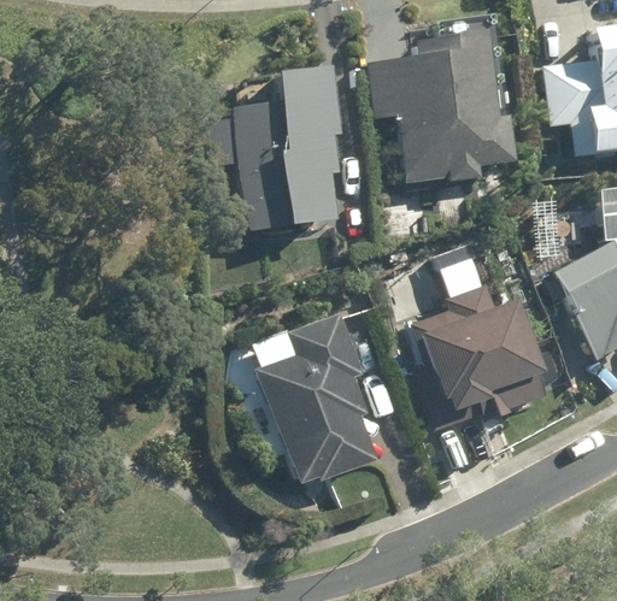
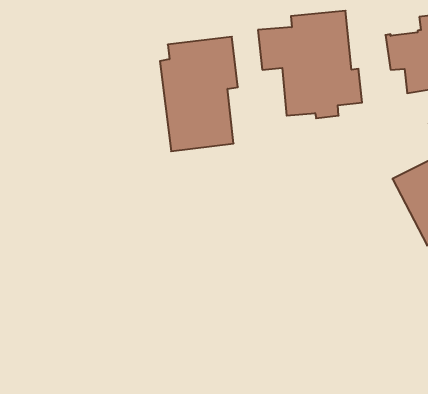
building: [416,288,539,422] -> none
building: [258,313,380,483] -> none

